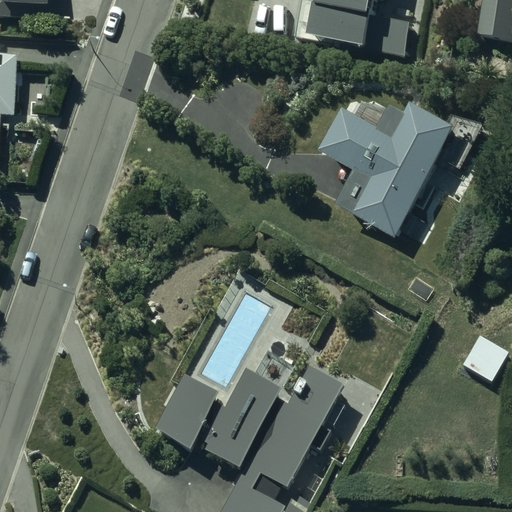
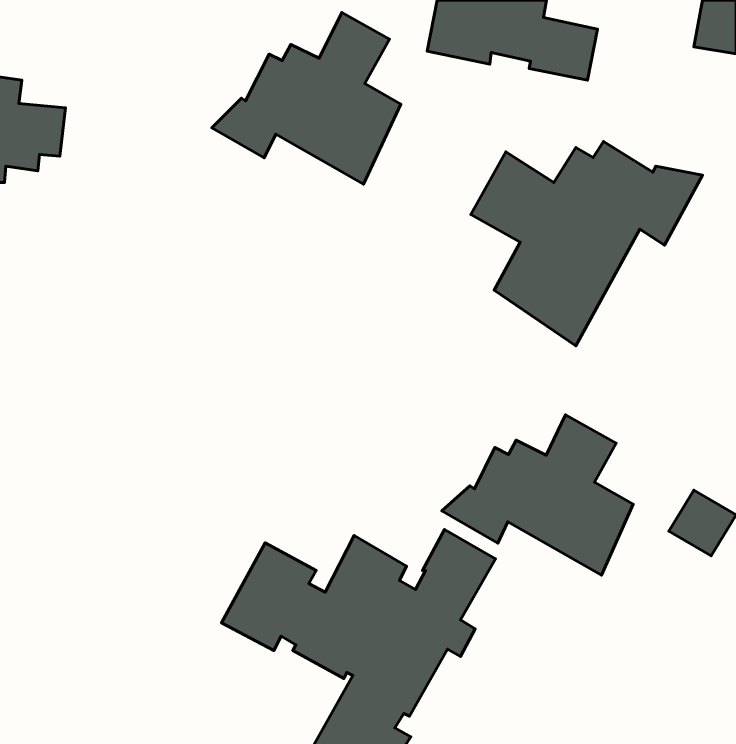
building: none -> [212,12,401,184]
building: none -> [442,415,633,575]

